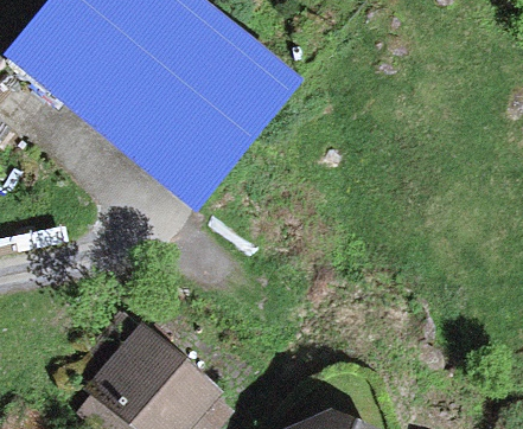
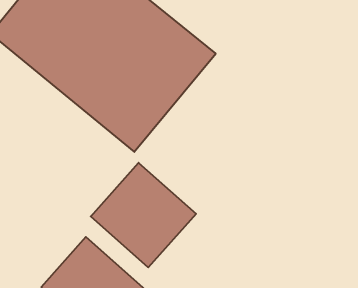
building: none -> [91,163,196,267]

